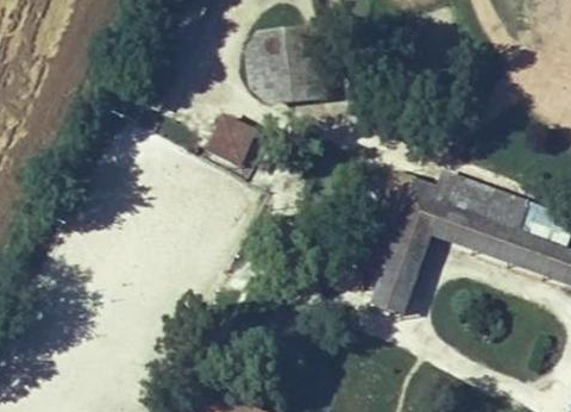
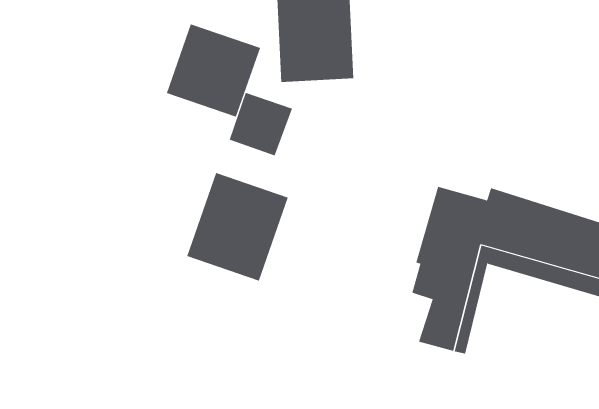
building: none -> [166,23,261,117]
building: none -> [187,172,289,281]

